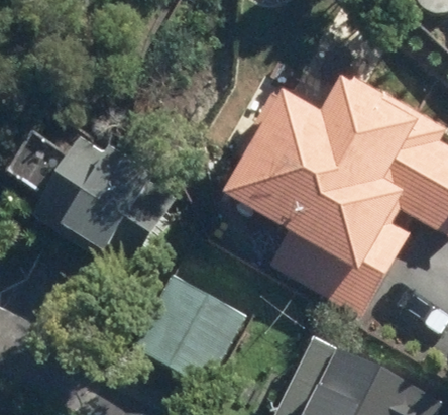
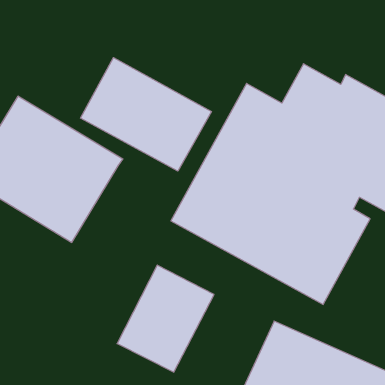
building: none -> [81,58,211,171]

